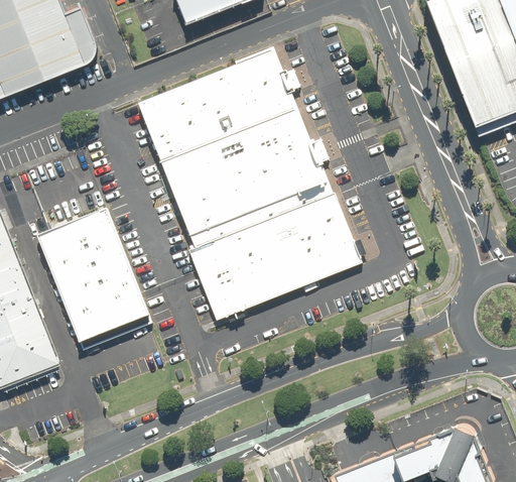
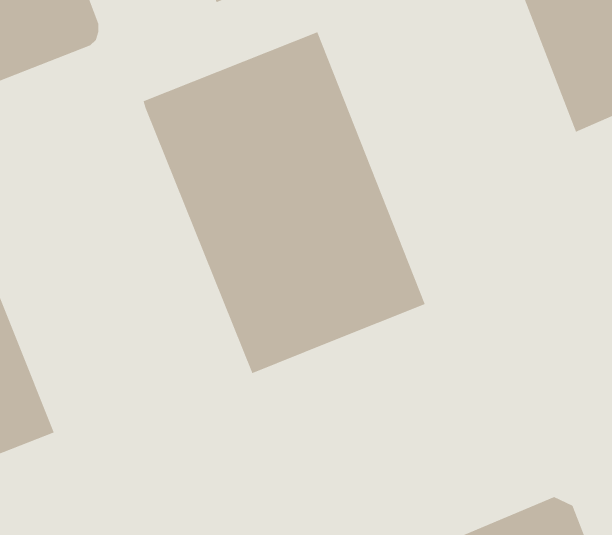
building: [34,208,146,342] -> none

